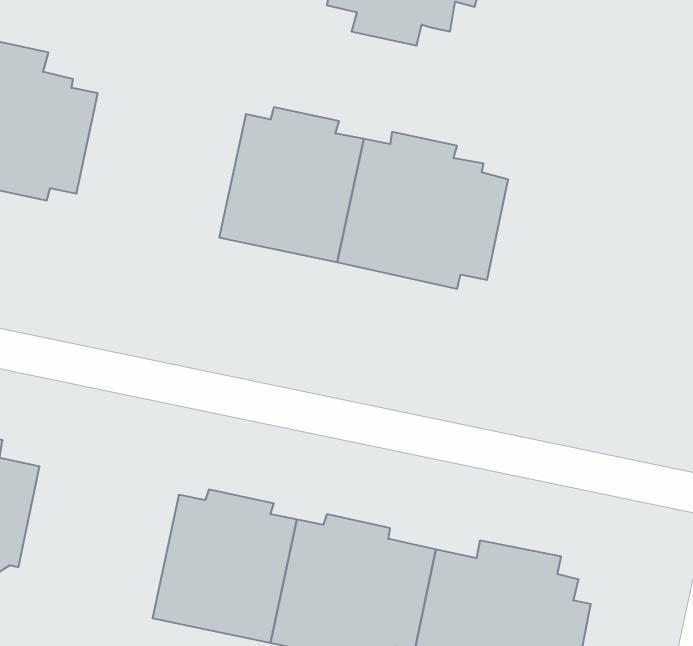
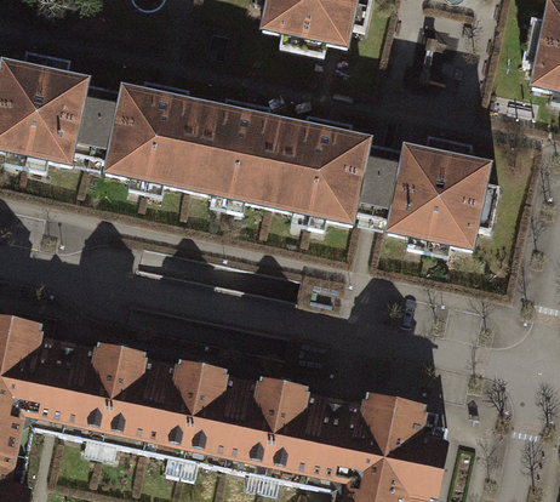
building: none -> [90,81,206,188]
building: none -> [372,136,499,247]
building: none -> [50,344,160,450]

